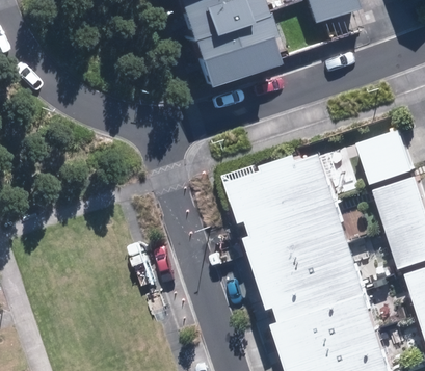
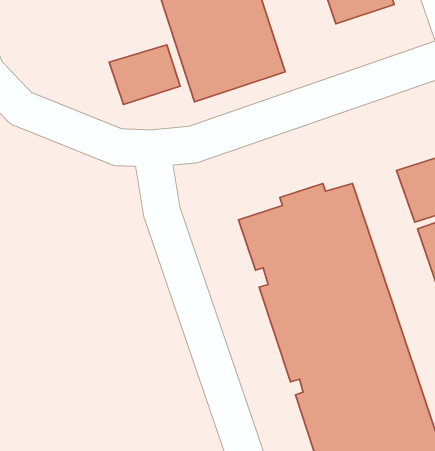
building: none -> [109,45,180,104]

